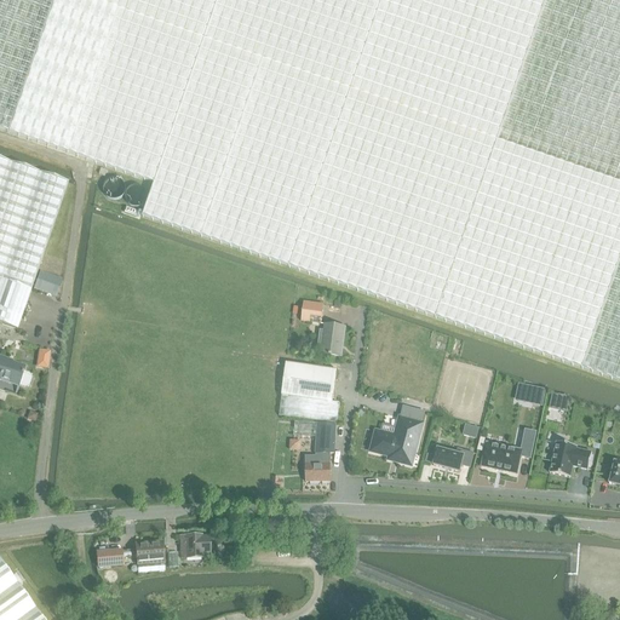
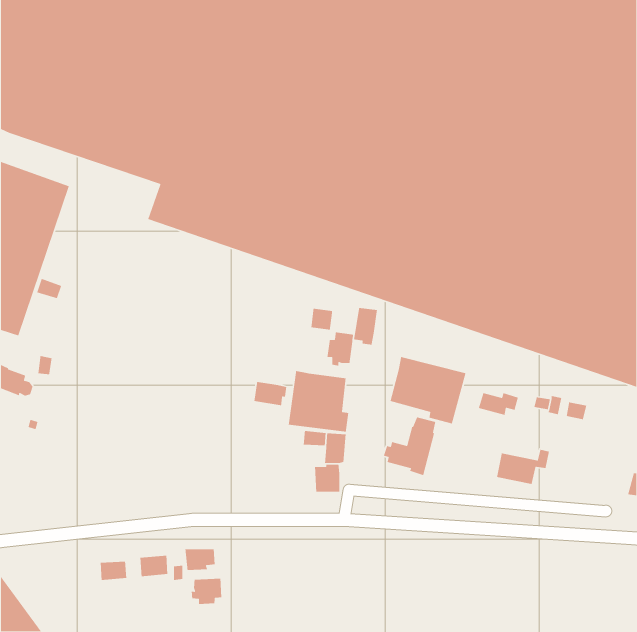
building: none -> [353,307,378,346]
building: none -> [390,356,466,425]
building: none -> [254,381,287,406]
building: [550,438,592,475] -> none
building: [434,446,473,469] -> [478,392,519,416]
building: none -> [191,578,222,605]

